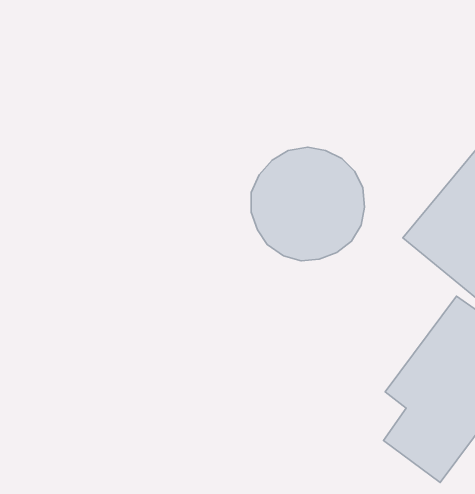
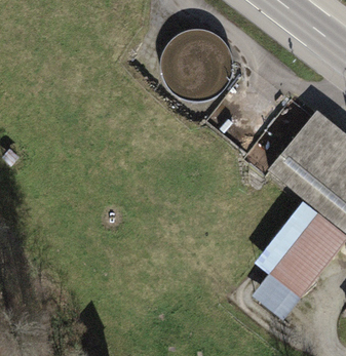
building: [251,147,364,261] -> [161,28,233,100]

